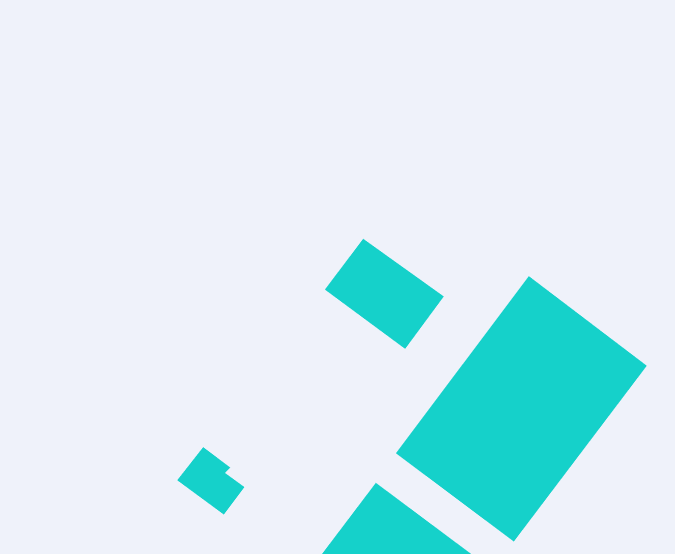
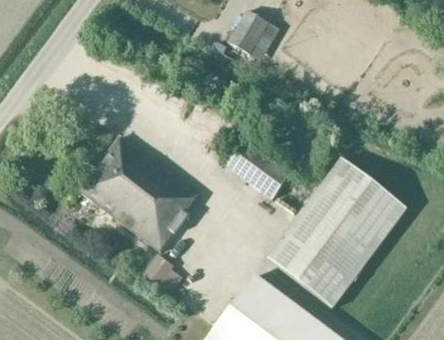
building: none -> [228,10,279,61]
building: none -> [78,134,197,252]

